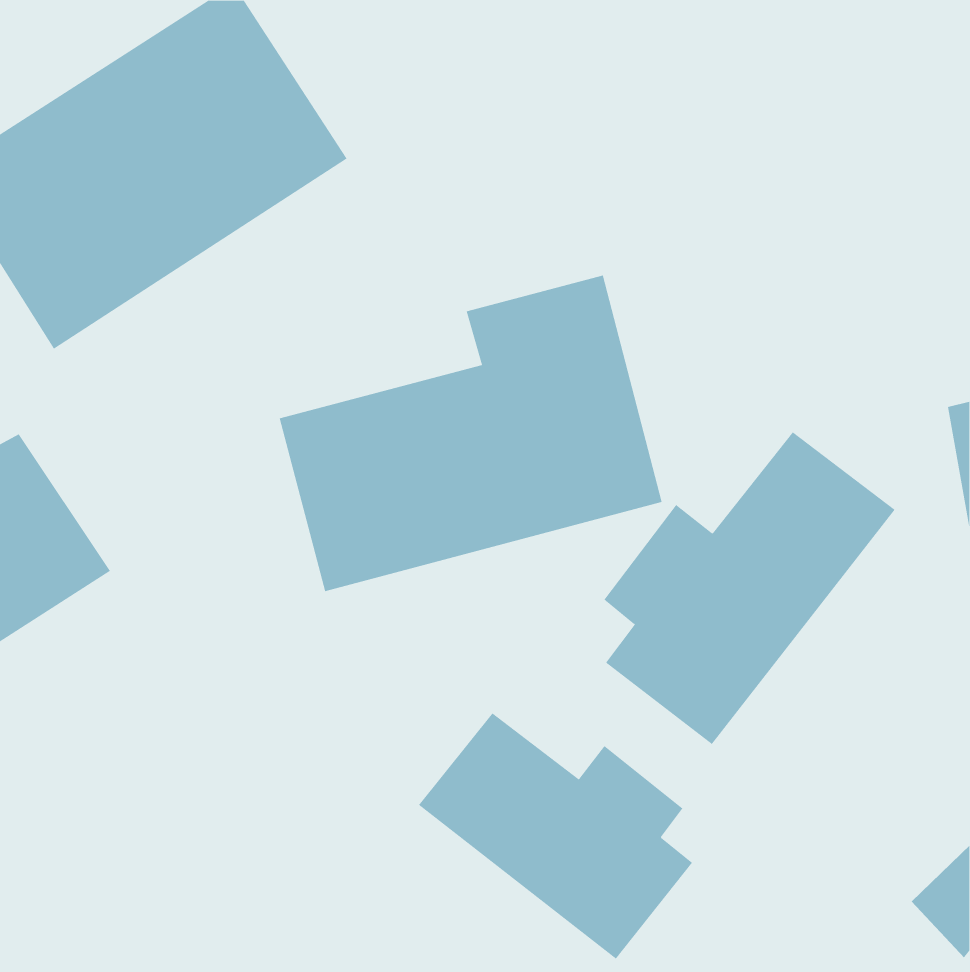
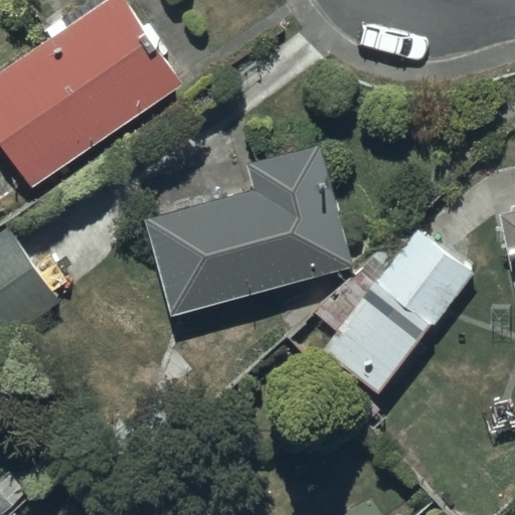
building: [418,712,693,959] -> none

